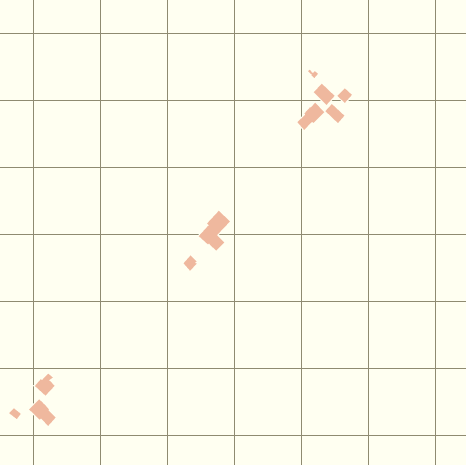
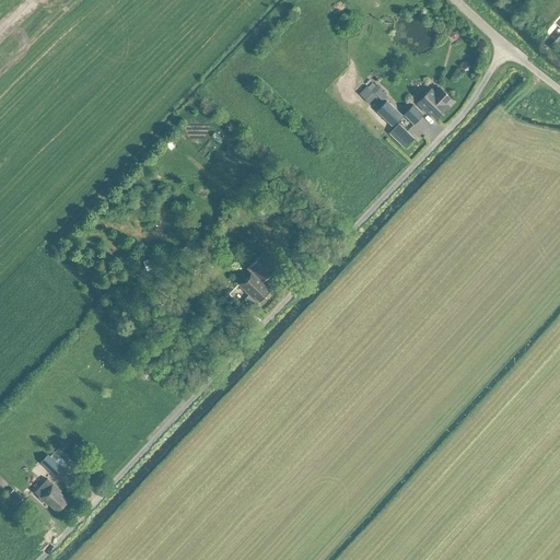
building: none -> [417,89,452,120]
building: [297,102,325,131] -> none

